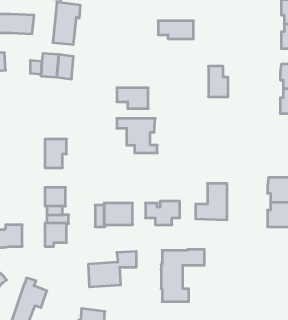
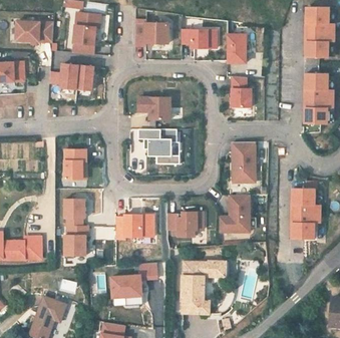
building: none -> [134,18,168,44]
building: none -> [226,34,245,62]
building: none -> [232,141,255,182]

